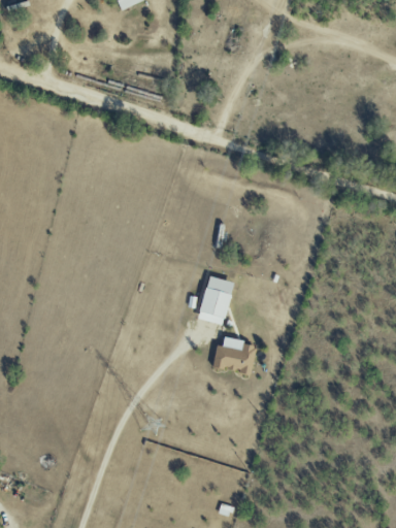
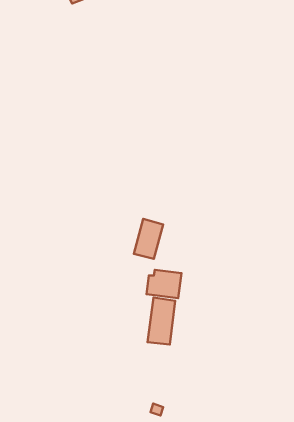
building: none -> [148,298,175,345]

